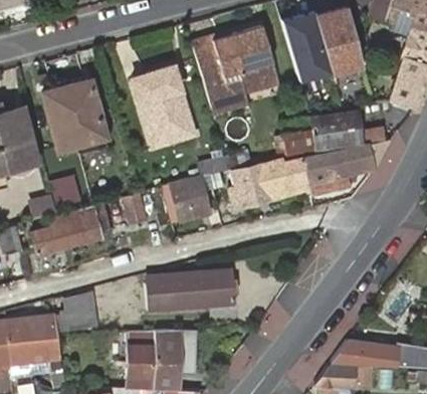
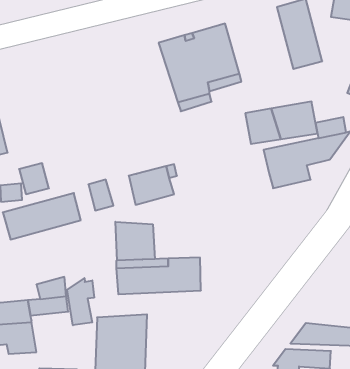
building: [281,8,330,81] -> none
building: [132,68,195,149] -> none
building: [44,81,105,151] -> none
building: [229,159,308,203] -> none
building: none -> [115,222,155,260]
building: none -> [67,278,94,325]

